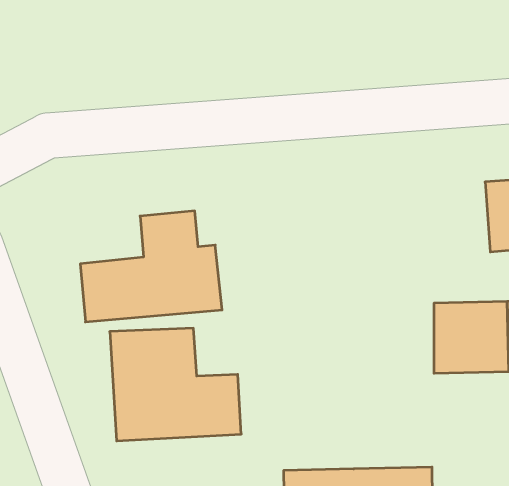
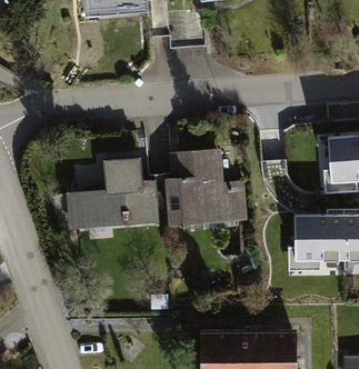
building: [110,328,241,441] -> [166,153,251,227]

